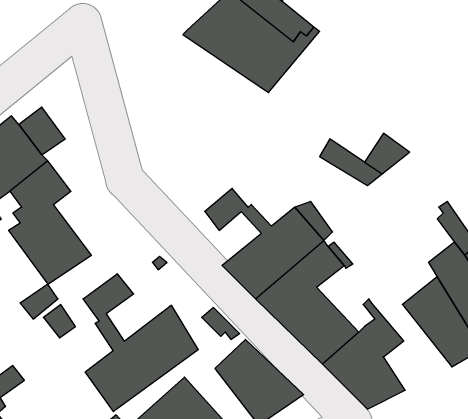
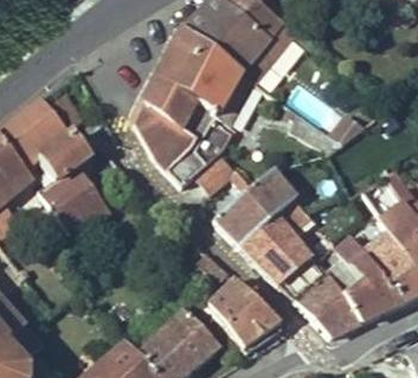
building: none -> [135,31,255,185]
building: [83,274,198,412] -> none
building: none -> [335,239,400,321]

